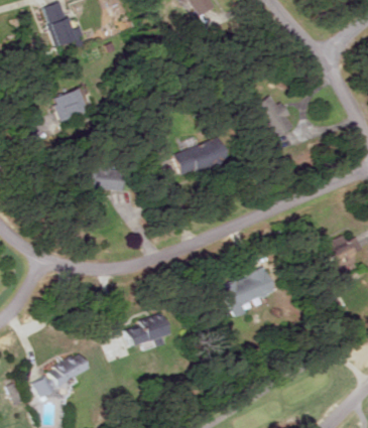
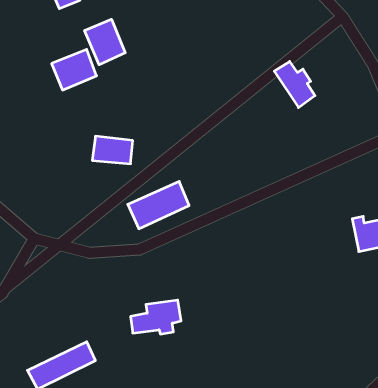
building: none -> [85,19,125,65]
building: [174,134,231,177] -> [128,181,189,229]
building: [221,269,274,317] -> none

